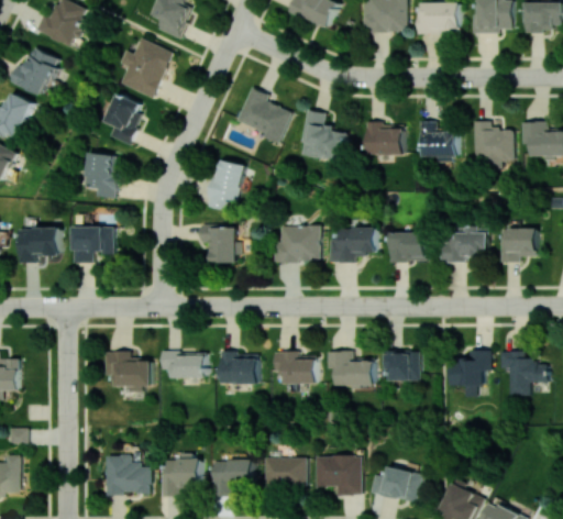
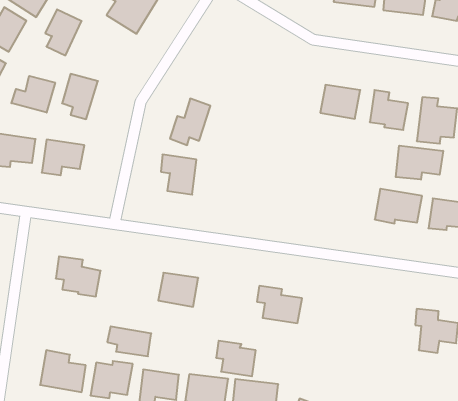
building: [235,87,291,141] -> none
building: [104,95,142,143] -> [45,9,82,55]
building: [298,109,345,162] -> none
building: none -> [11,76,55,113]
building: none -> [396,146,443,180]
building: [273,224,320,262] -> none
building: [328,227,376,262] -> none
building: [388,232,426,262] -> none
building: [450,350,490,397] -> none
building: [159,351,206,377] -> [107,326,151,356]
building: [273,351,314,384] -> [216,341,256,376]
building: [383,351,419,380] -> none

